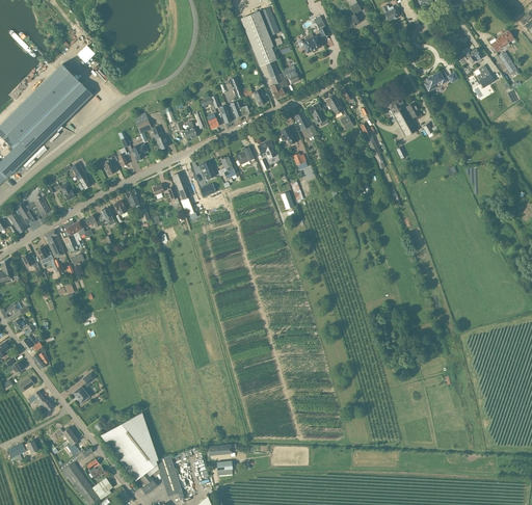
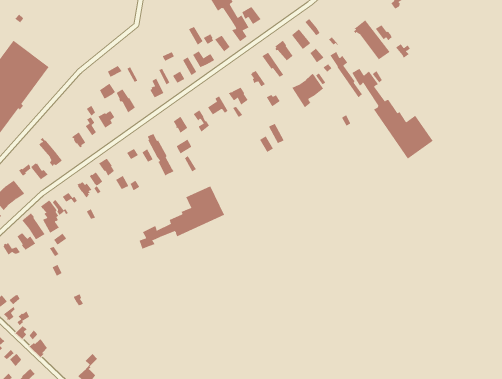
building: none -> [291,73,324,108]
building: none -> [351,68,433,160]
building: none -> [139,186,225,249]

